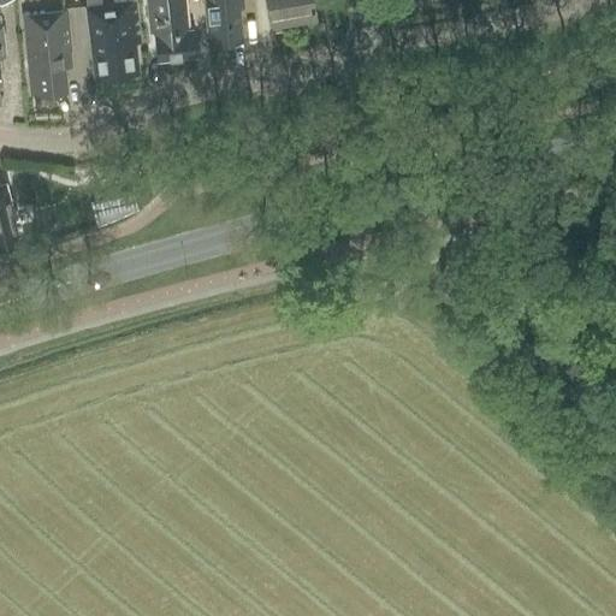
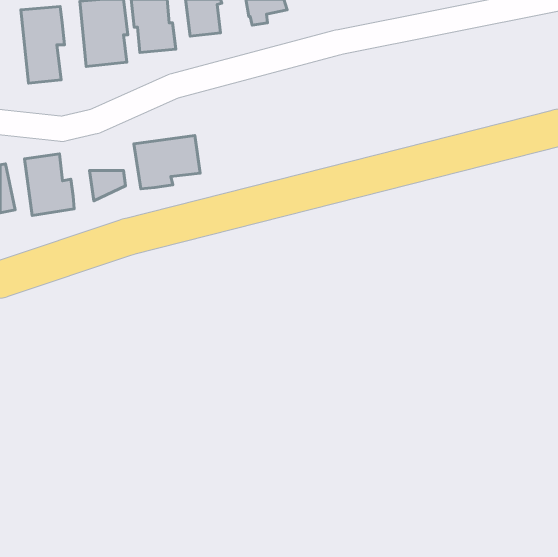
building: none -> [134,135,200,189]
building: none -> [24,154,74,216]

